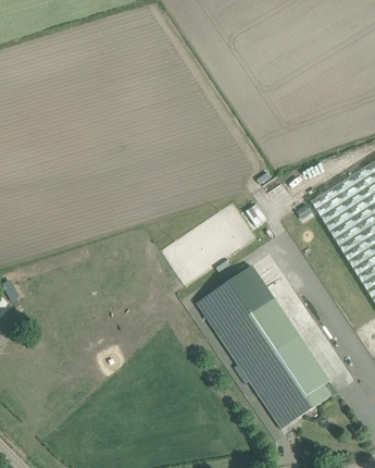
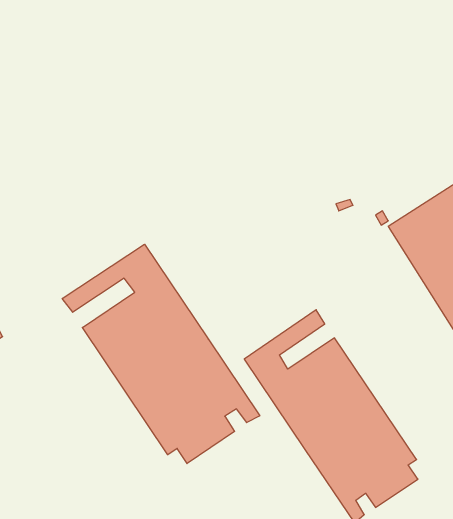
building: none -> [62,244,260,464]

